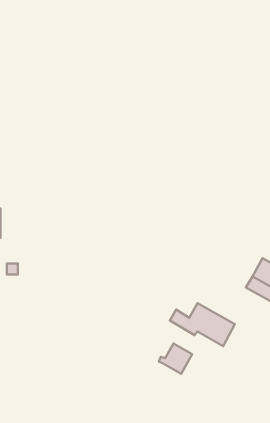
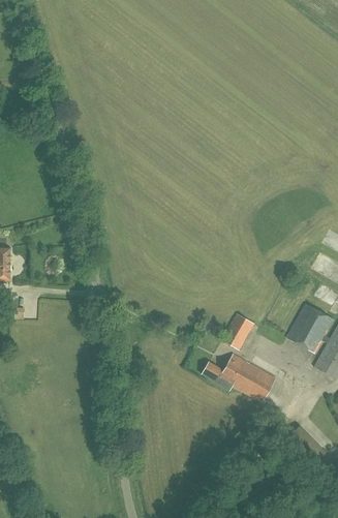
building: none -> [222,313,254,349]
building: [159,344,192,374] -> none

